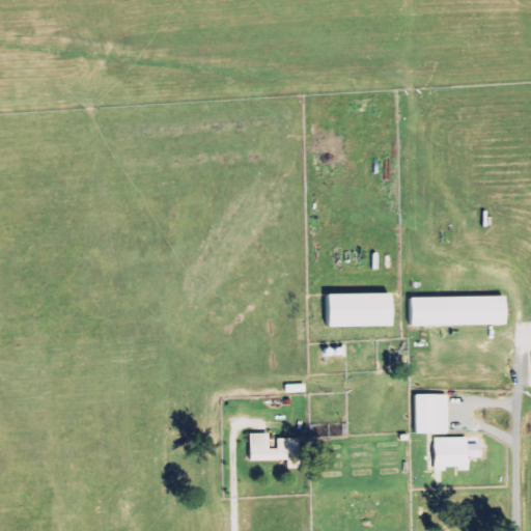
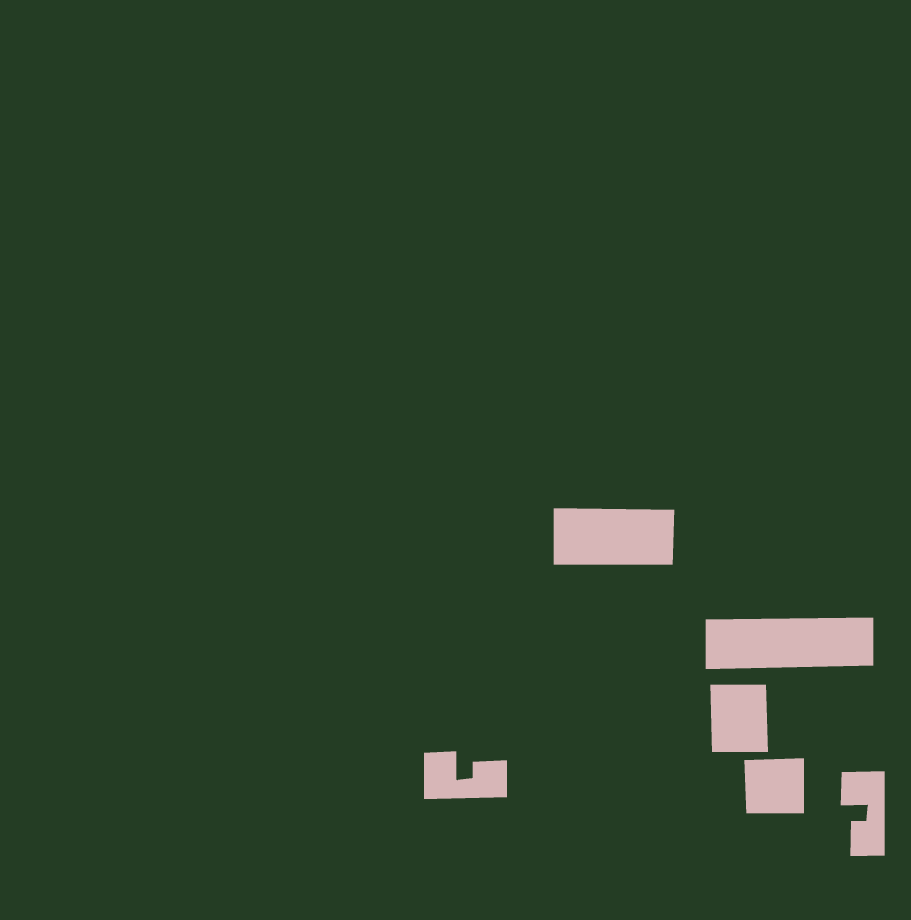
building: [409,296,506,326] -> [705,617,874,670]
building: none -> [840,770,885,857]

